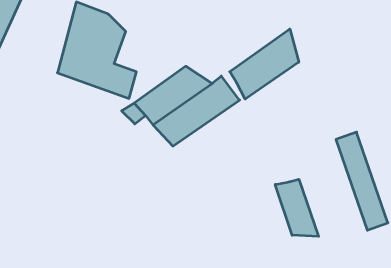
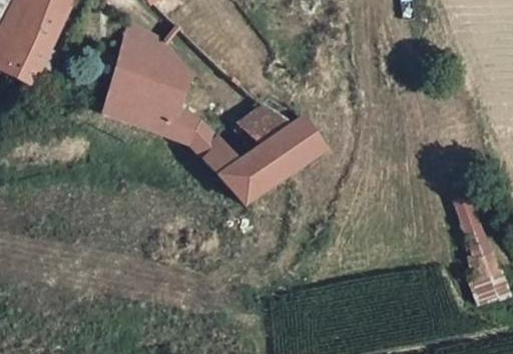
building: [230,29,299,99] -> none
building: [275,179,319,236] -> none

